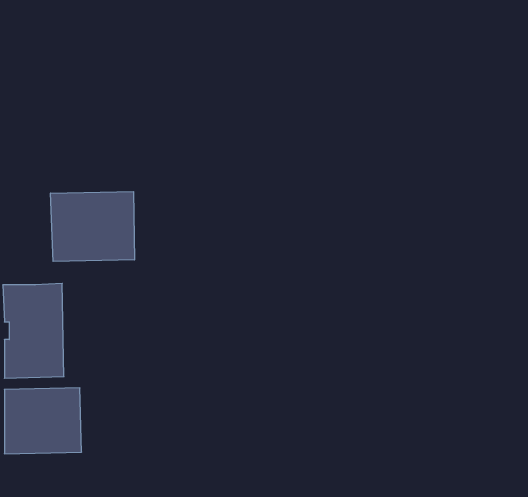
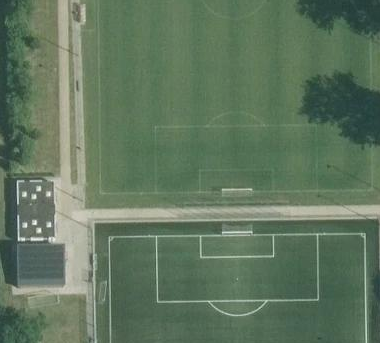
building: [51,192,134,261] -> none

